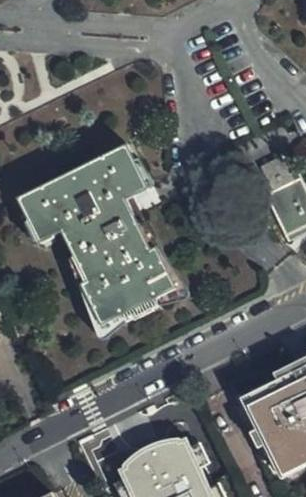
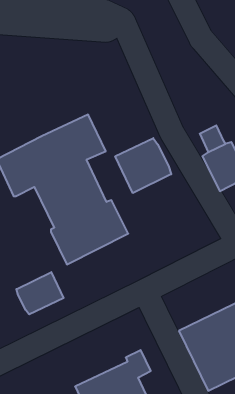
building: none -> [115,138,171,193]
building: none -> [16,272,64,314]

